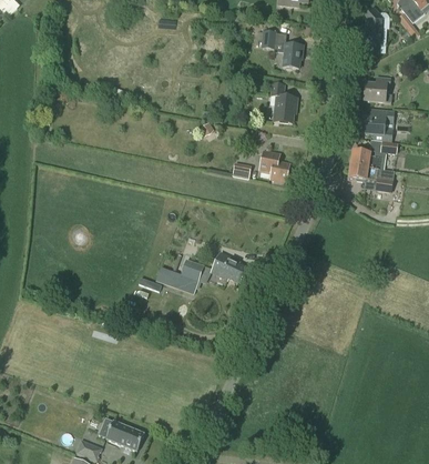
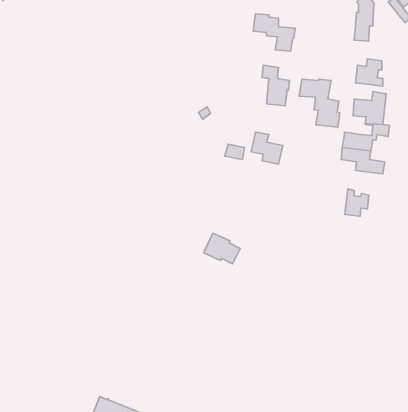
building: none -> [299,79,340,127]
building: none -> [345,189,369,216]
building: [155,258,204,293] -> none

